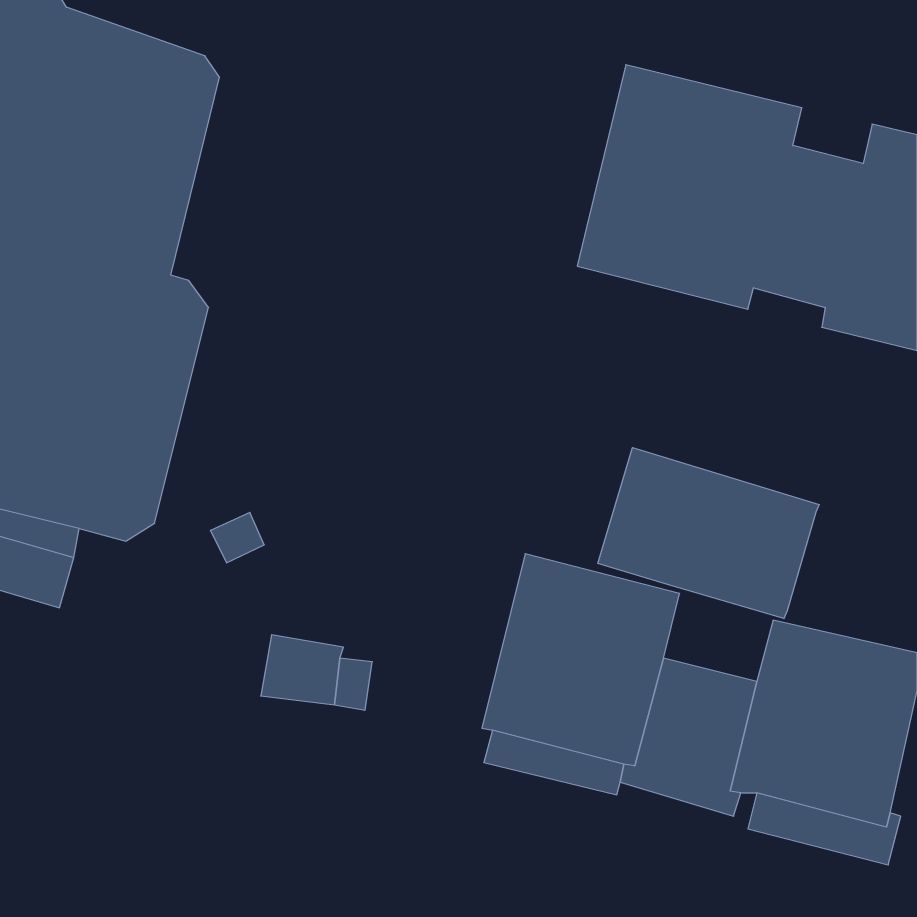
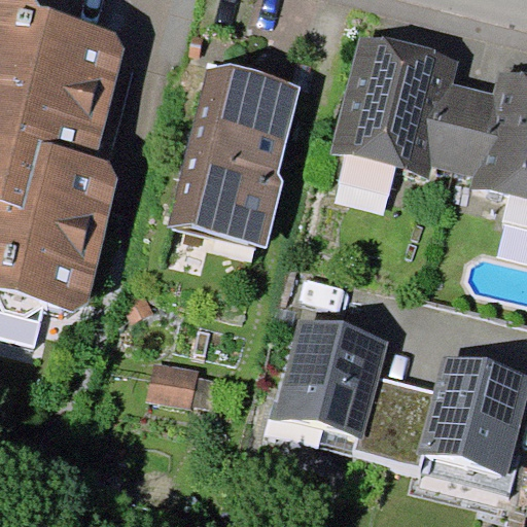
building: none -> [167,62,300,246]
building: [598,448,819,619] -> none

